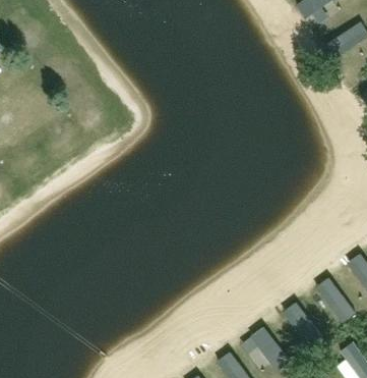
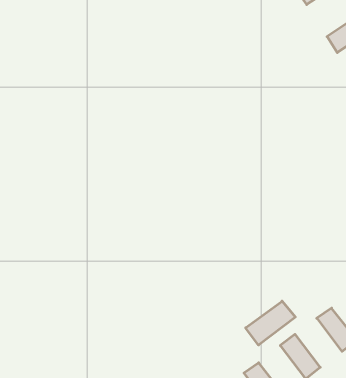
building: none -> [246,301,295,345]

